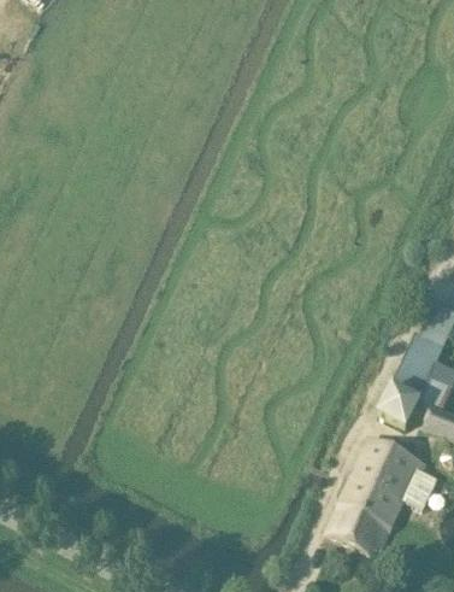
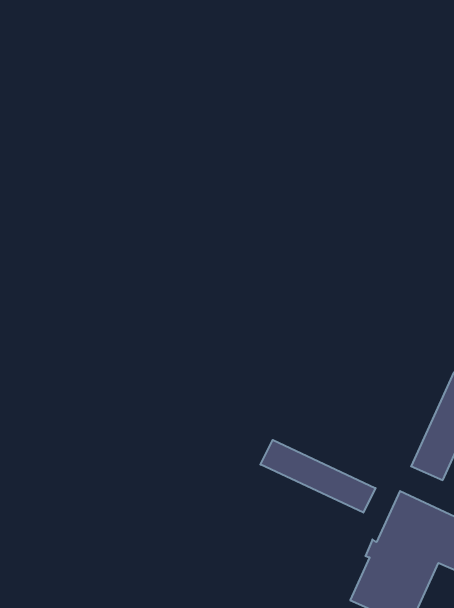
building: none -> [260,440,376,513]

